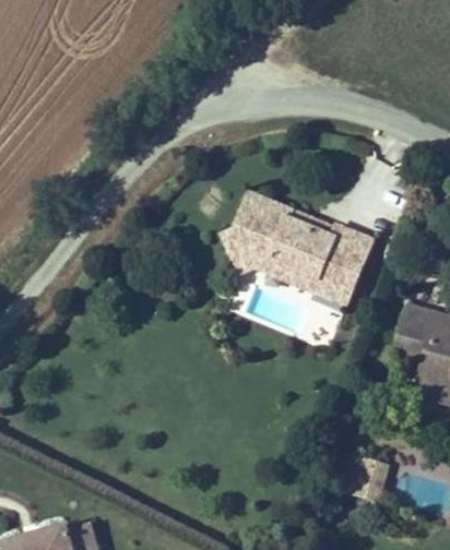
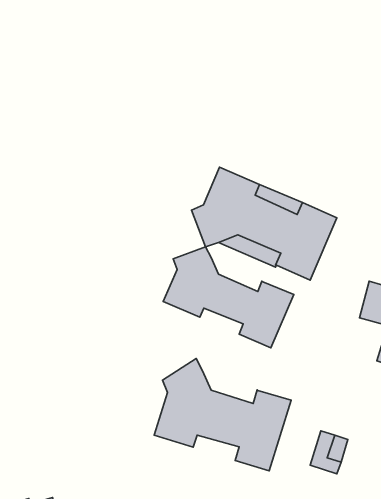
building: none -> [163,247,294,348]
building: none -> [154,359,291,471]

